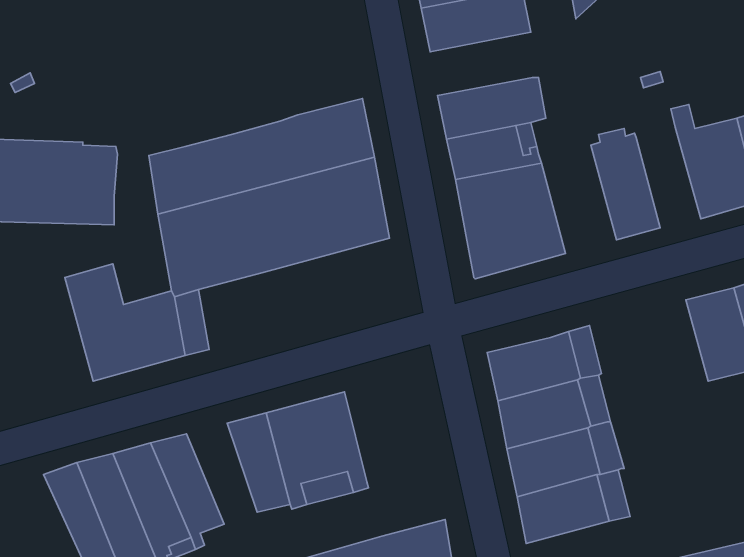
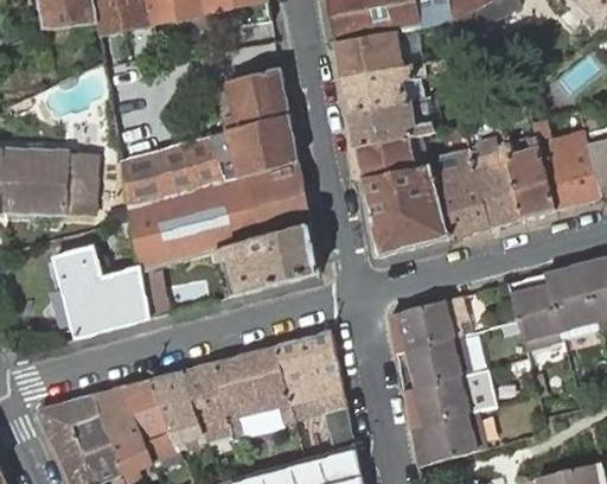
building: none -> [341,63,423,113]
building: none -> [219,69,288,133]
building: none -> [504,138,555,217]
building: none -> [427,149,488,237]
building: none -> [209,225,319,297]
building: none -> [506,274,561,349]
building: none -> [274,331,351,441]
building: none -> [149,371,205,451]

